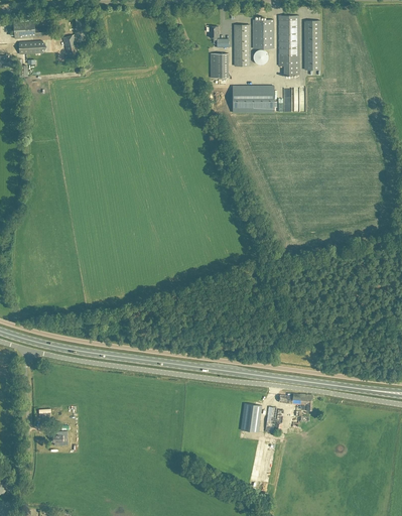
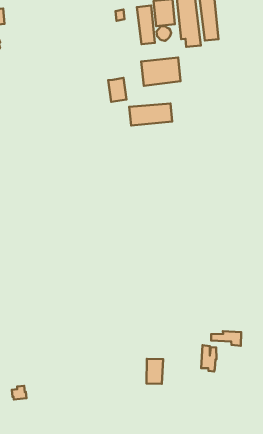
building: [210,53,228,79] -> [108,78,126,102]
building: none -> [129,103,172,126]
building: [240,403,261,432] -> [146,359,163,384]

